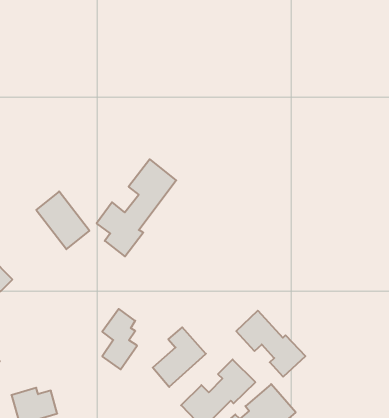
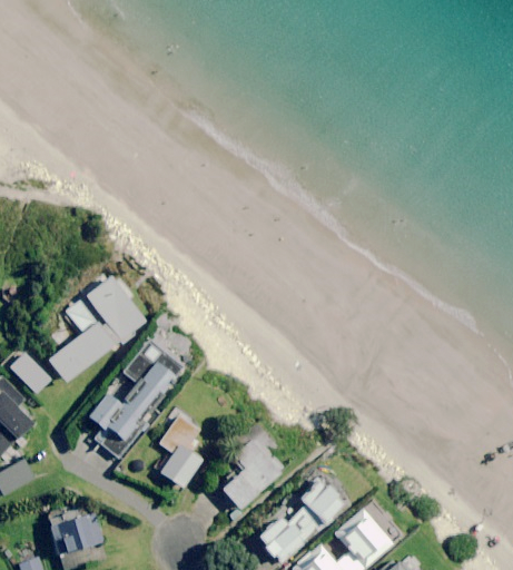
building: [97,159,176,256] -> [86,335,182,453]
building: none -> [47,303,115,386]
building: [236,311,305,377] -> none

